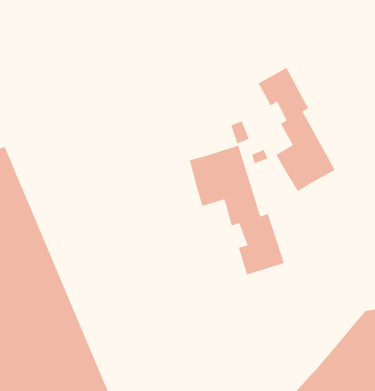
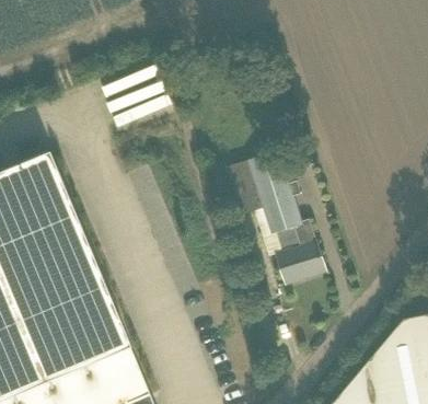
building: [258,67,336,192] -> none

